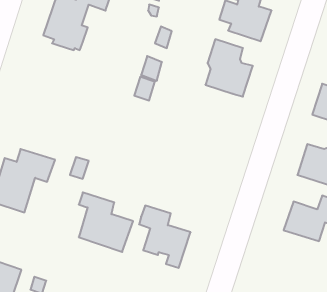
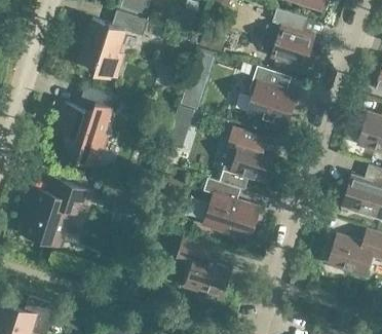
building: none -> [54,85,120,166]
building: none -> [226,127,276,182]
building: [79,192,133,252] -> [203,178,260,239]

